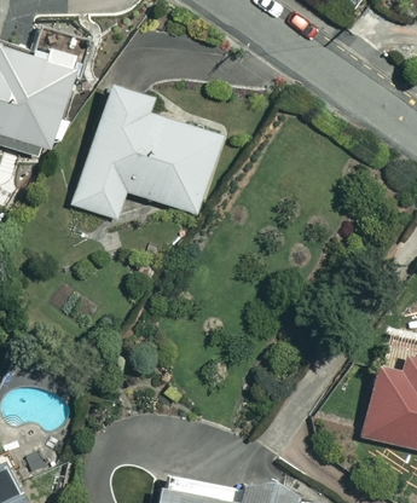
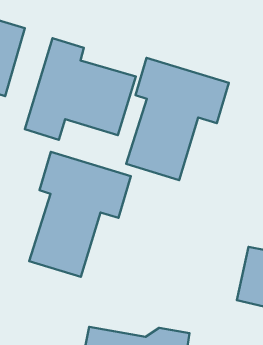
building: none -> [126,58,229,180]
building: none -> [29,152,131,277]

